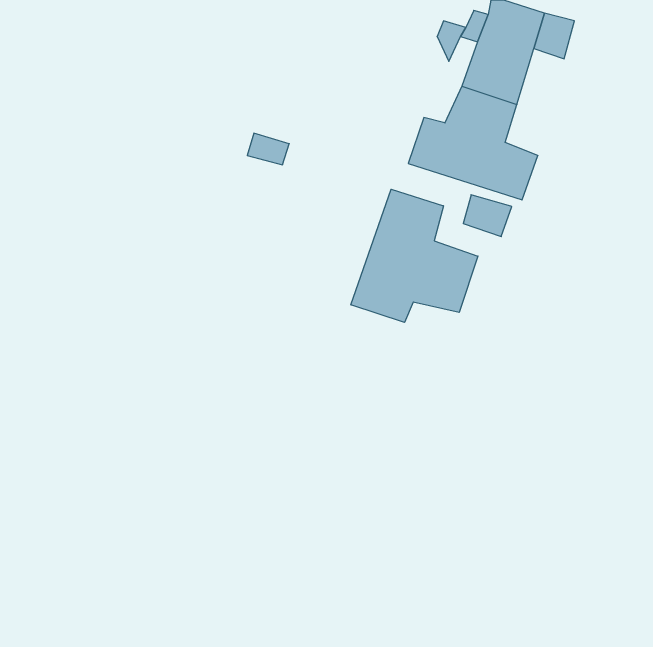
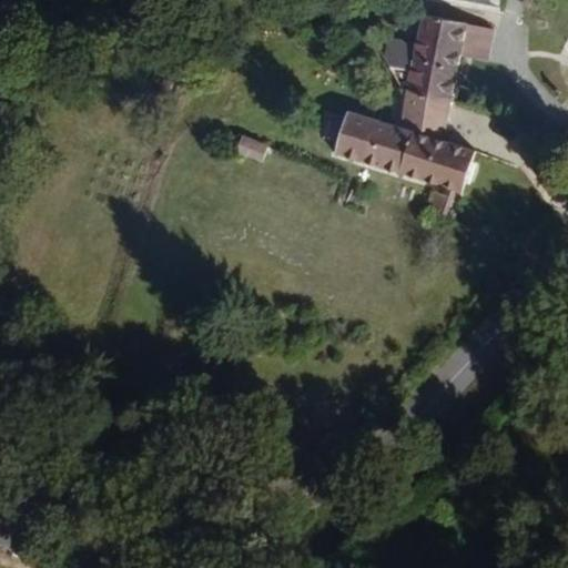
building: none -> [324,106,373,156]
building: [351,189,478,322] -> none

